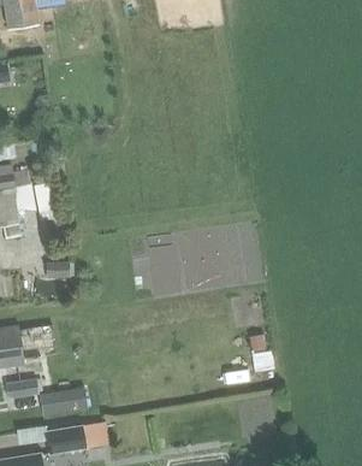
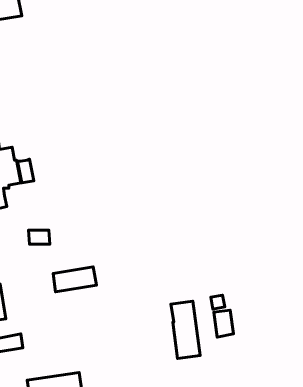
building: none -> [171,301,200,359]
building: [41,389,89,417] -> [53,267,96,292]

